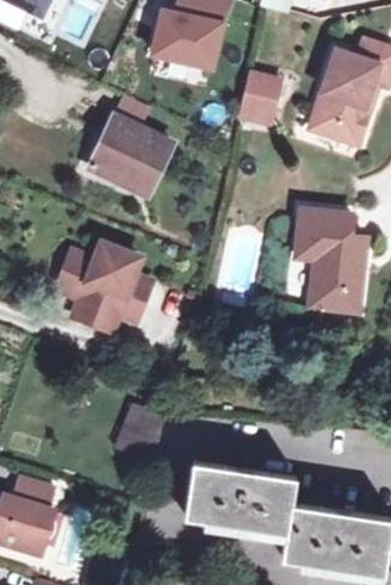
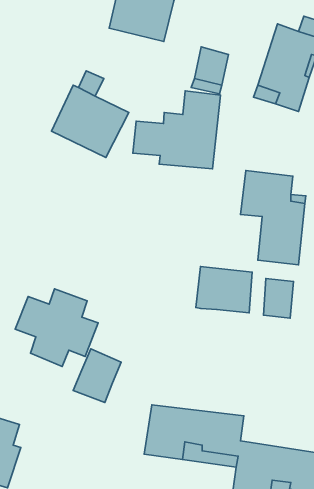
building: none -> [133,91,221,169]
building: [57,247,148,331] -> [15,289,98,366]
building: none -> [196,267,252,313]
building: none -> [264,278,293,318]

